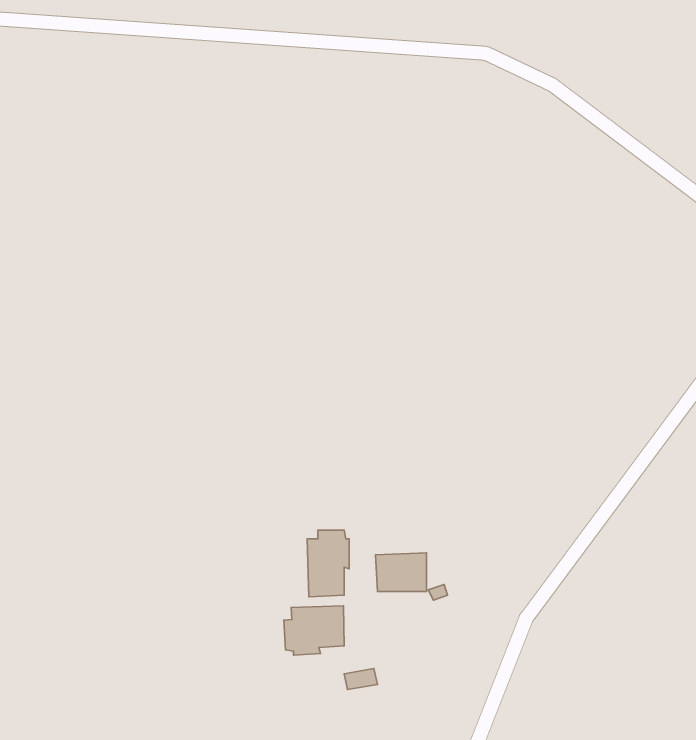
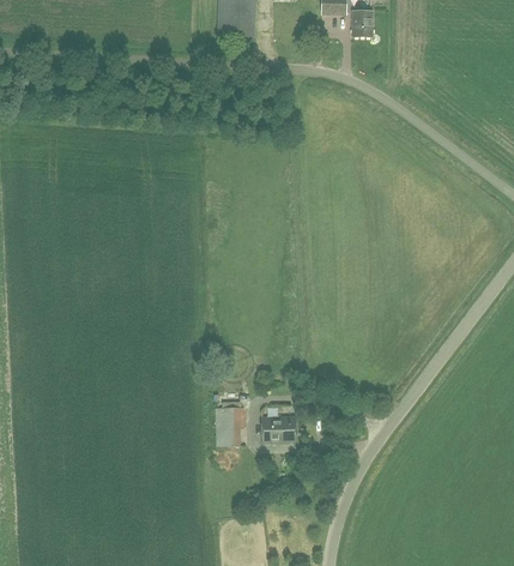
building: [284,606,344,655] -> none

